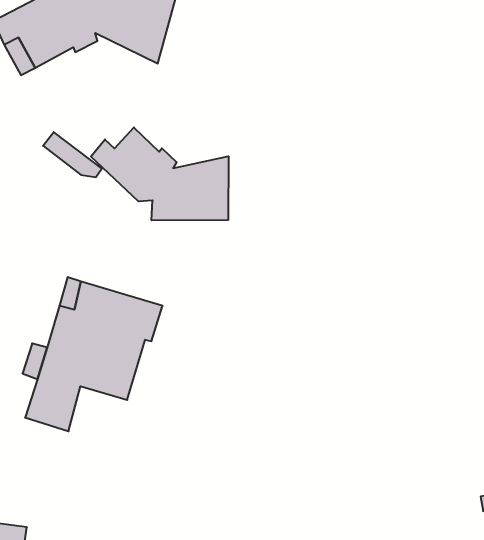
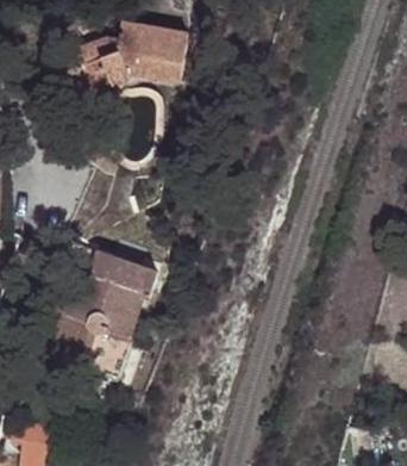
building: [91,127,229,220] -> none

